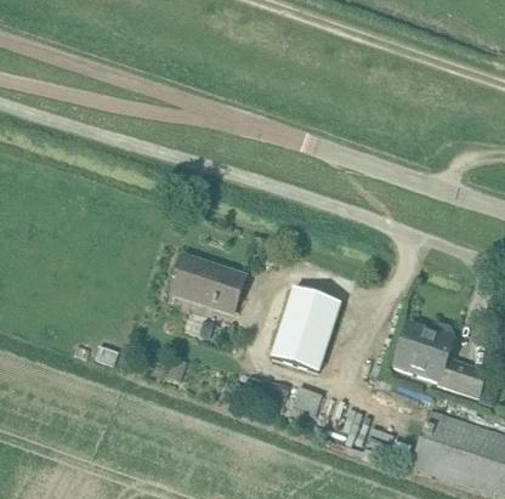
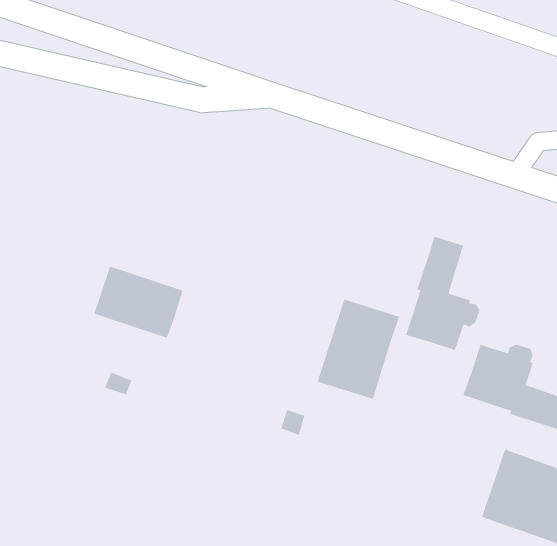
building: none -> [406,236,480,351]
building: [170,253,245,313] -> [93,266,184,338]

